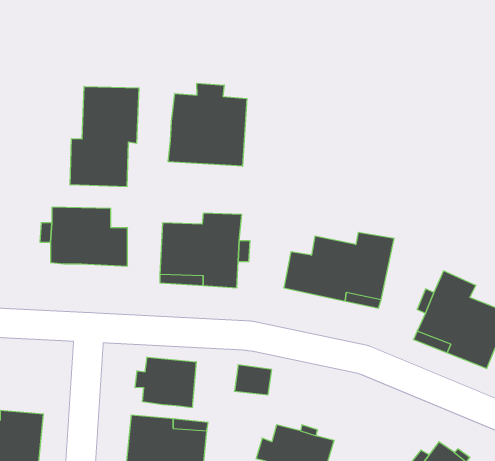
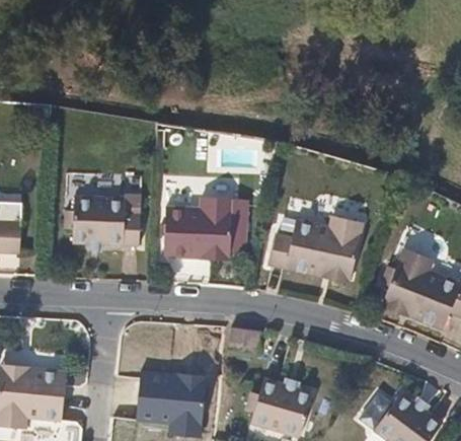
building: [168,83,247,166] -> none
building: [70,86,139,187] -> none
building: [135,357,196,408] -> none

